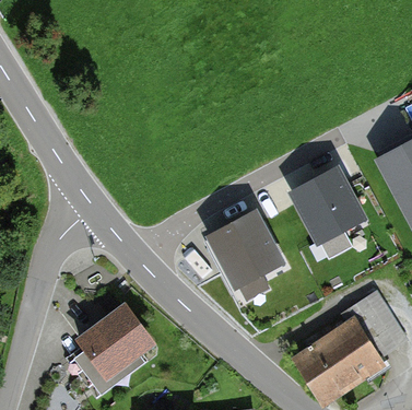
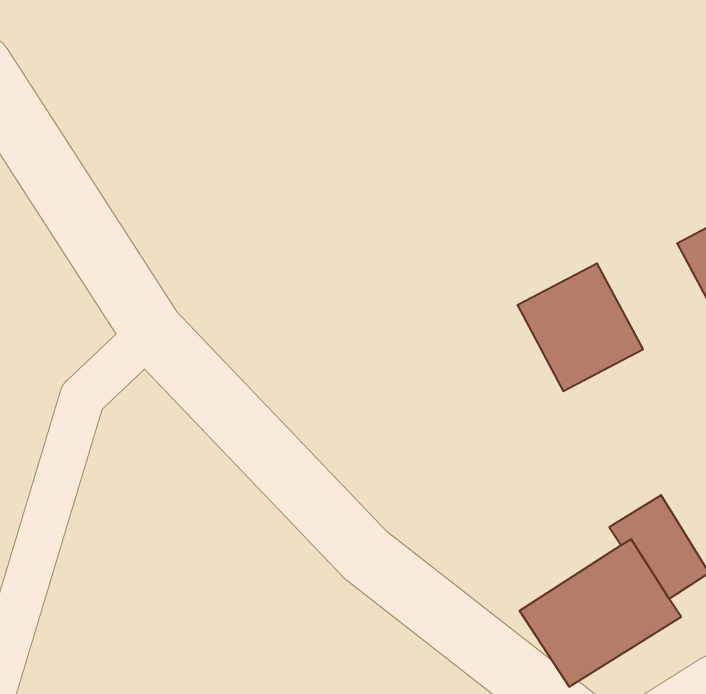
building: [210,214,279,284] -> none
building: [80,307,150,375] -> none

